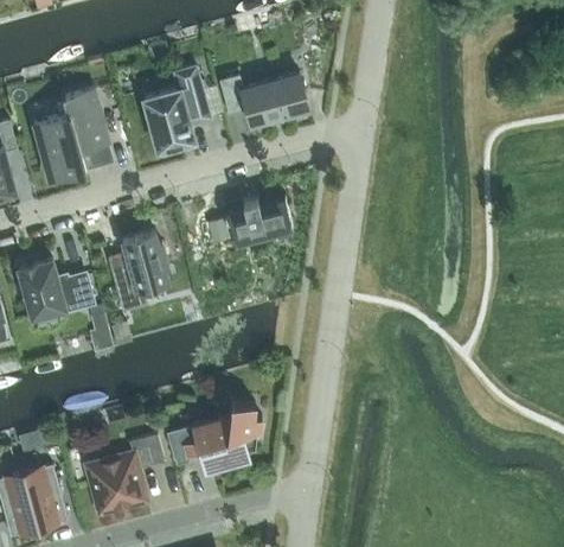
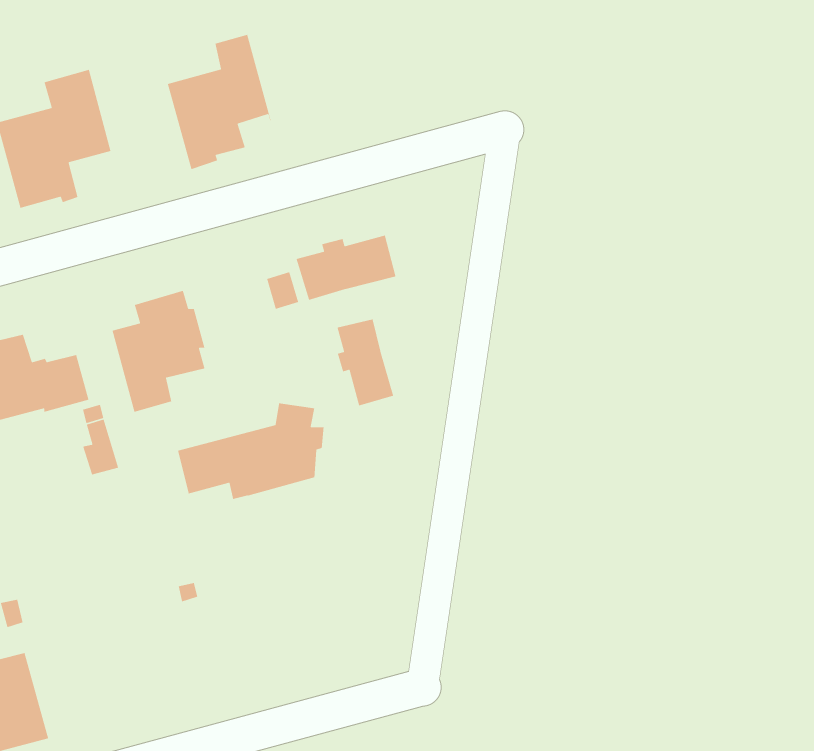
building: [219,72,308,125] -> none
building: none -> [336,318,394,406]
building: [166,401,261,479] -> [177,402,324,524]
building: [88,434,165,511] -> none

